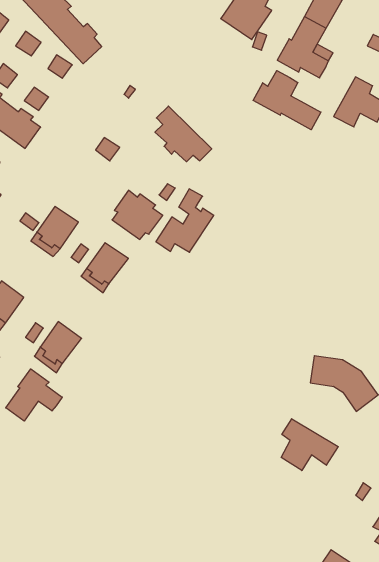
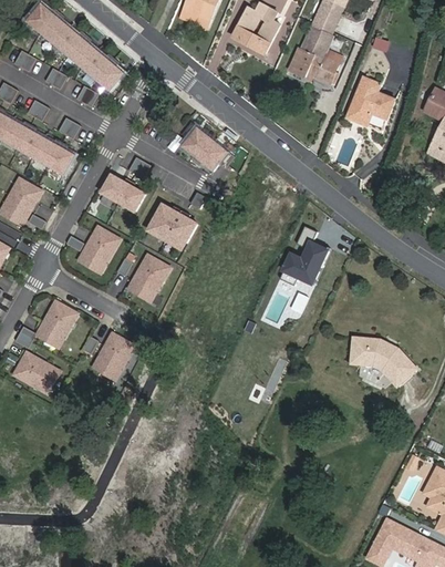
building: [253,71,321,130] -> none
building: none -> [103,176,147,213]
building: [156,189,214,252] -> [282,224,333,284]
building: [6,369,62,421] -> none
building: [281,419,338,471] -> none

